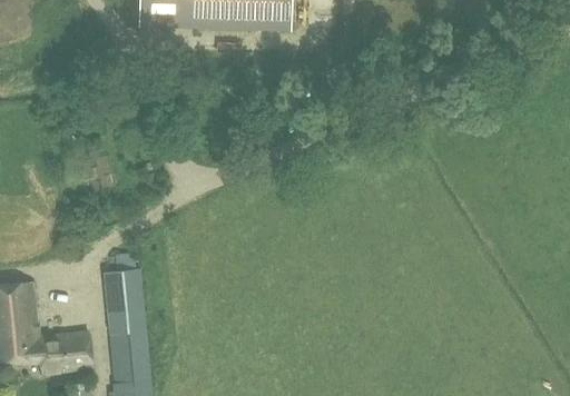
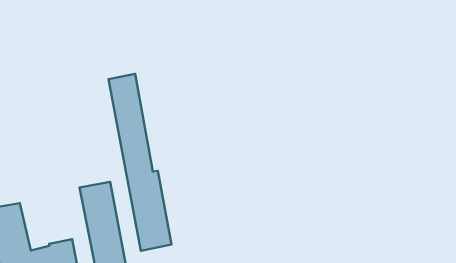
building: none -> [108,74,171,251]

